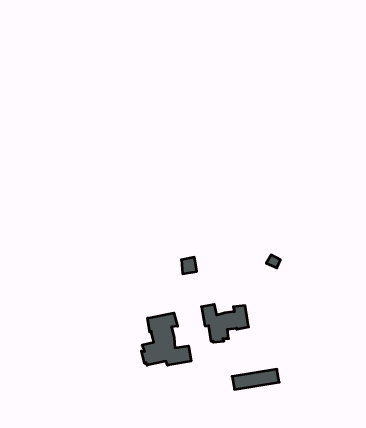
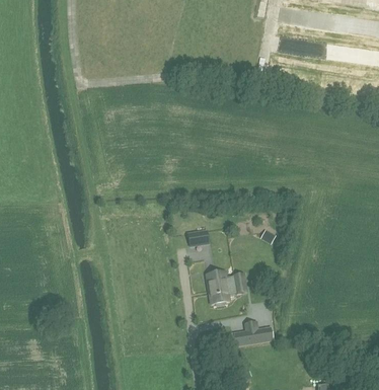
building: [141,313,191,365] -> none

